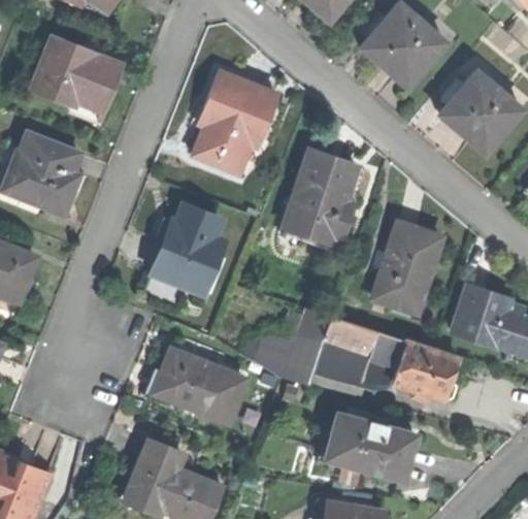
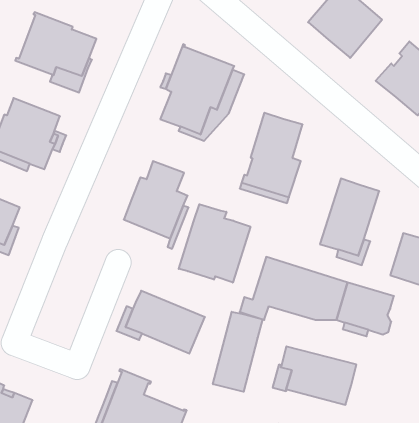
building: none -> [179,204,250,283]
building: none -> [213,312,263,392]

